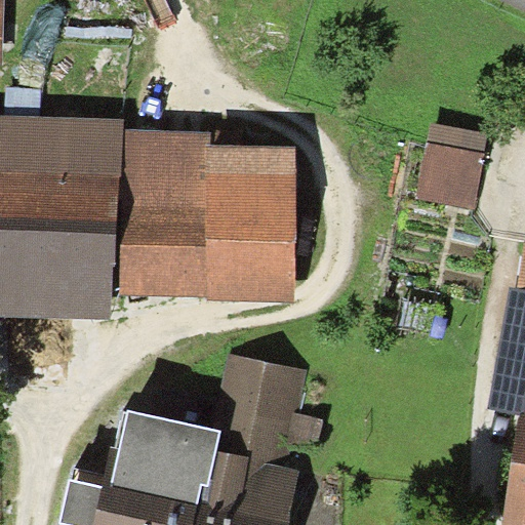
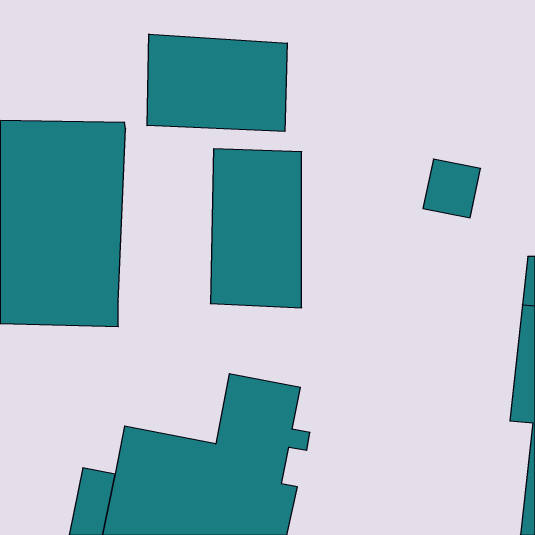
building: none -> [147,34,287,131]
building: [116,126,209,297] -> none

